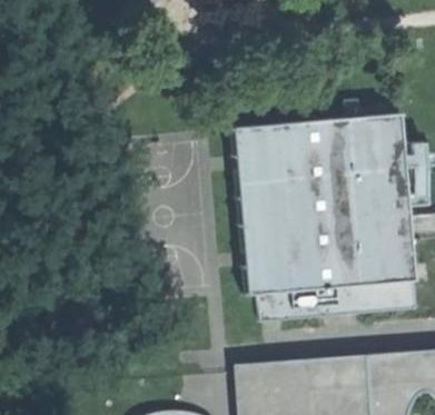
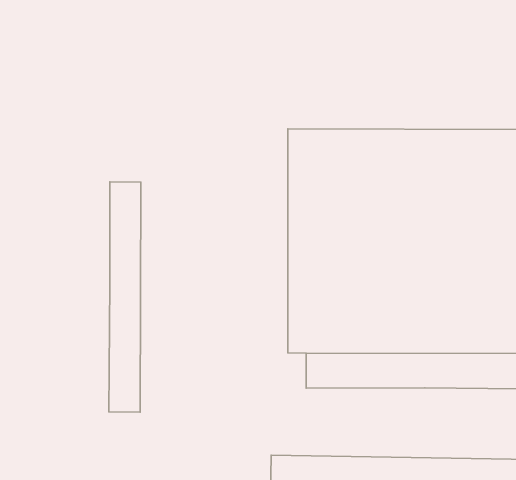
building: none -> [109,182,141,412]

